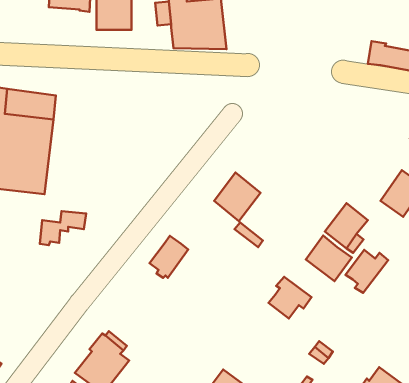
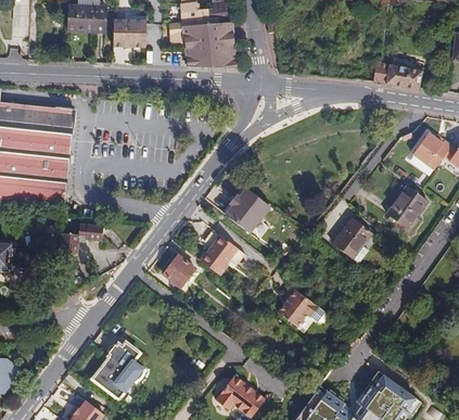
building: none -> [201,229,245,273]
building: [306,236,352,281] -> none
building: [346,250,388,293] -> none

